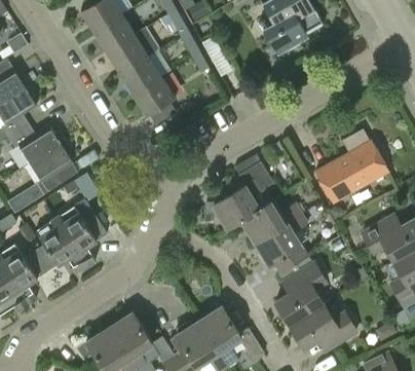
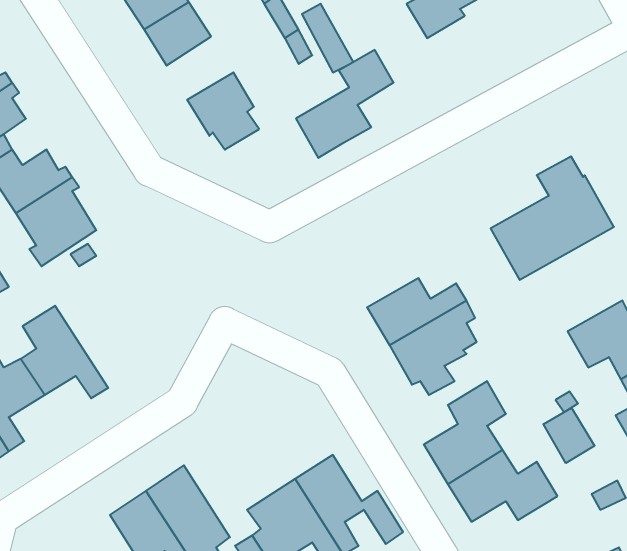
building: [120,57,160,95] -> none
building: [212,163,270,228] -> [296,50,394,158]
building: [53,198,106,267] -> none
building: none -> [543,408,595,463]

